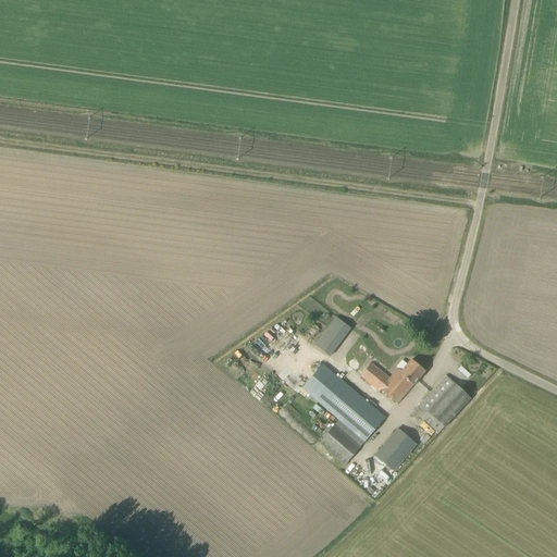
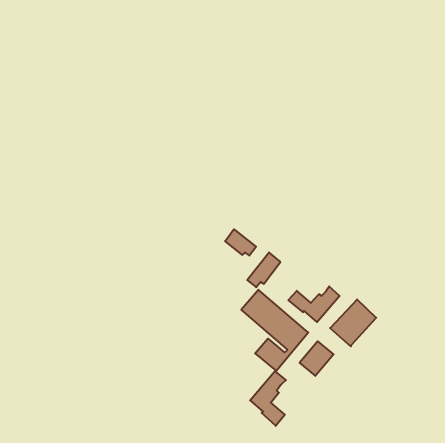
building: none -> [225,229,256,256]
building: none -> [250,371,286,426]

